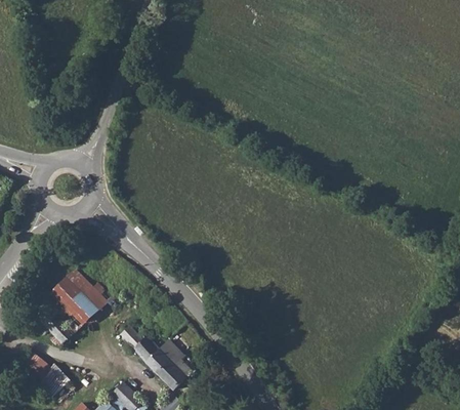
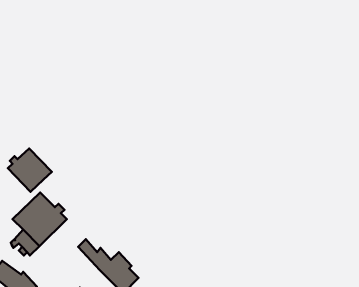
building: none -> [8,148,52,192]

